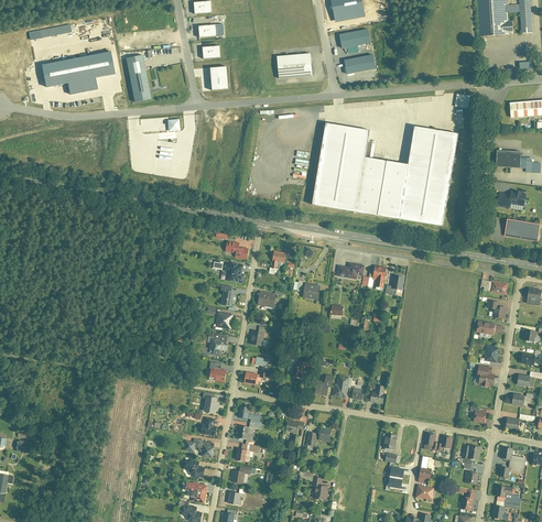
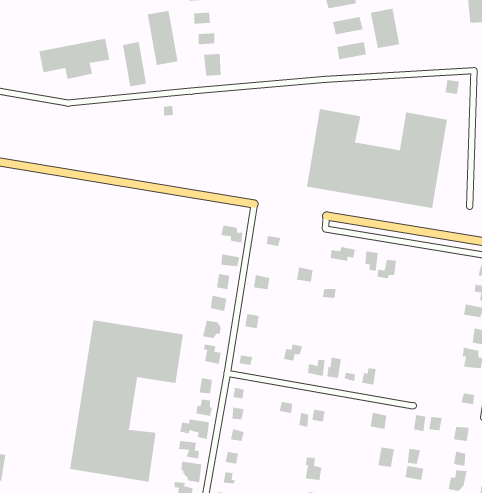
building: none -> [370,8,400,49]
building: none -> [147,10,178,66]
building: [275,53,312,78] -> none
building: none -> [69,319,183,482]

